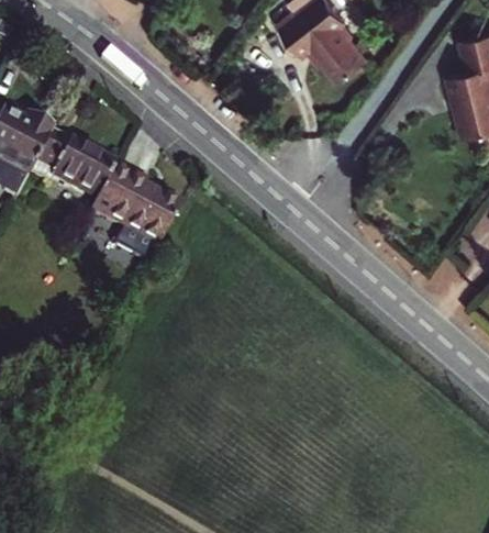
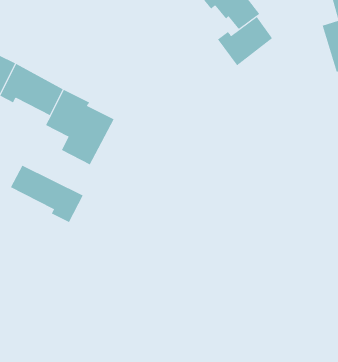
building: none -> [217,16,273,66]
building: none -> [10,165,83,223]

